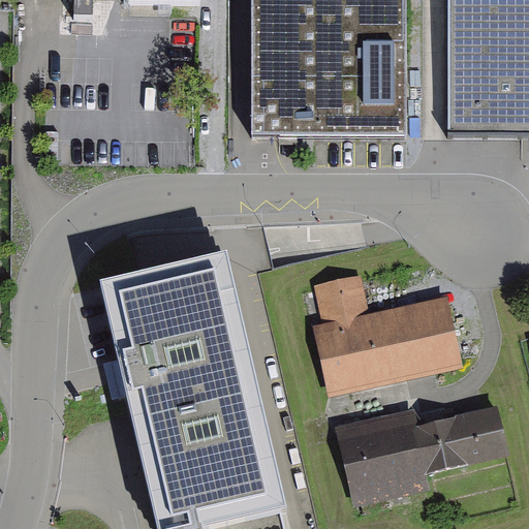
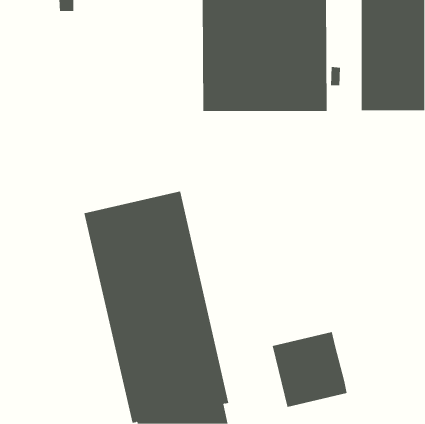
building: [311,272,463,394] -> none
building: [416,410,507,473] -> none

